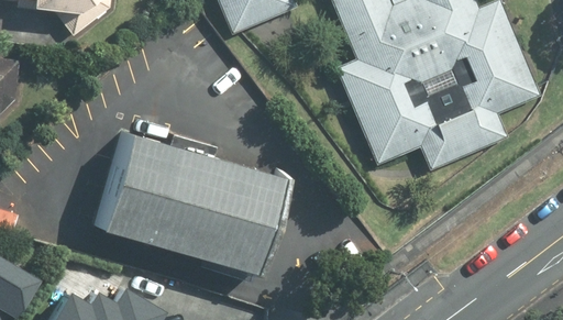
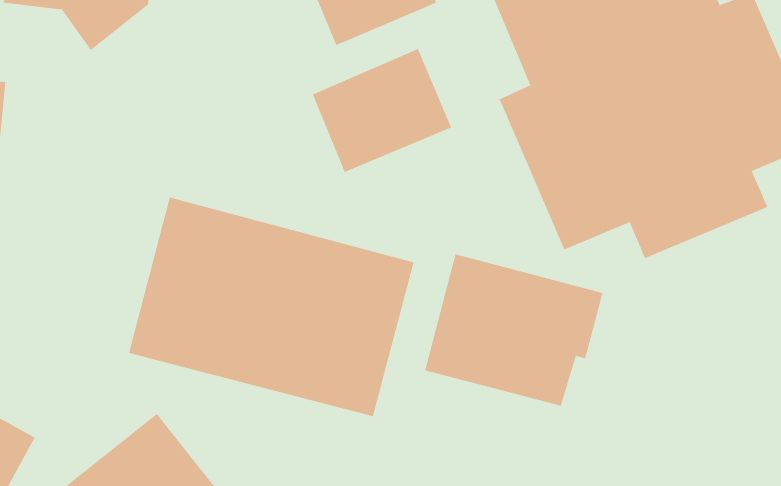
building: none -> [312,48,452,173]
building: none -> [425,254,603,406]

